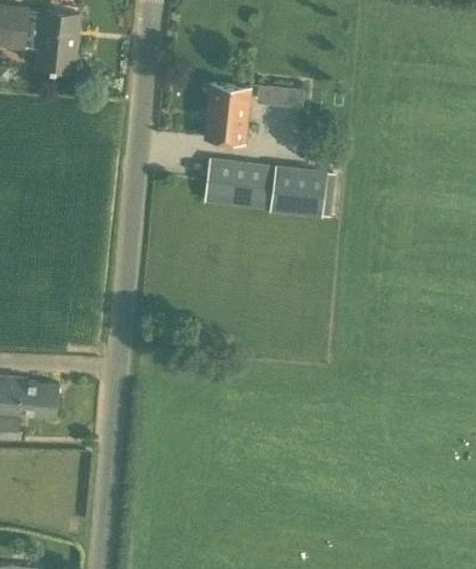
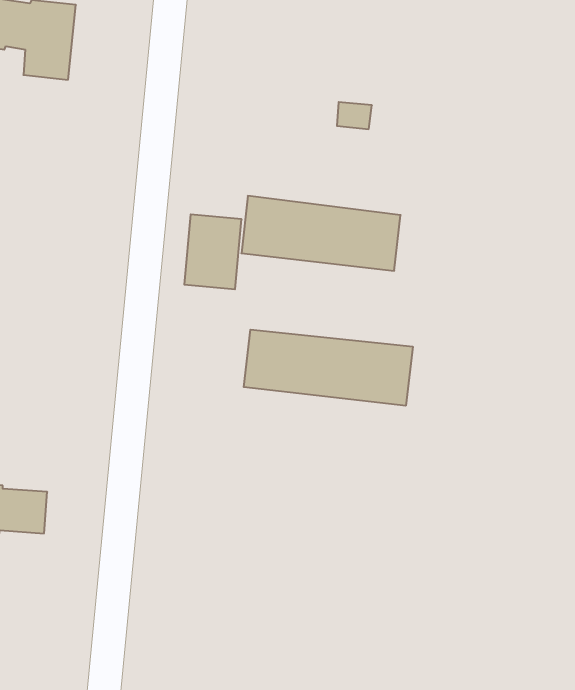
building: [206,85,250,142] -> [184,214,242,289]
building: none -> [244,330,413,406]

